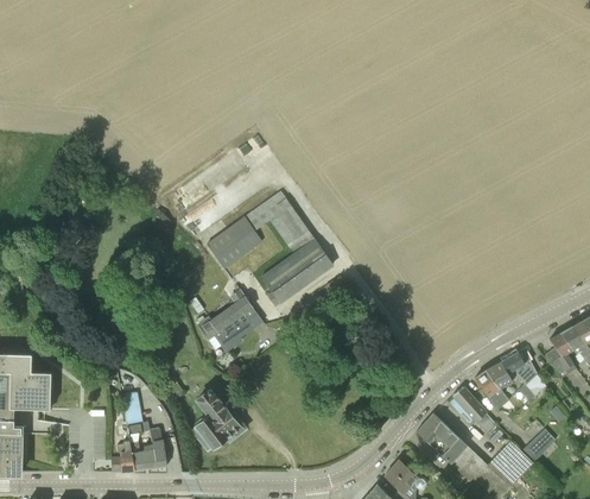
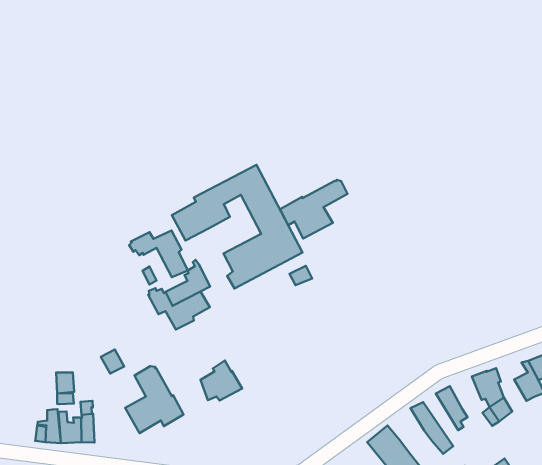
building: none -> [280,180,347,239]
building: none -> [129,230,188,277]
building: [486,358,516,389] -> none
building: none -> [201,361,242,400]

